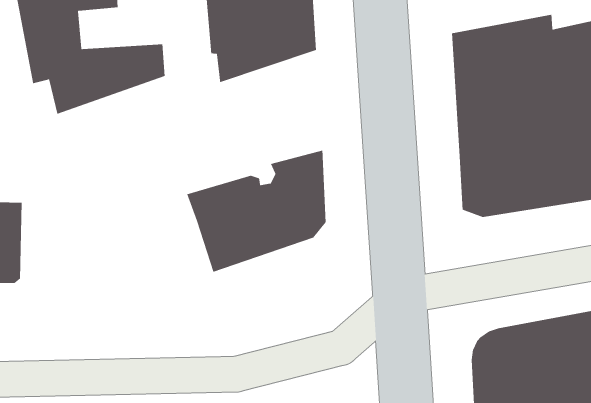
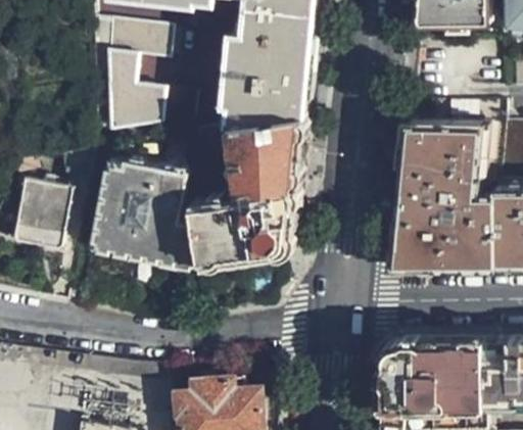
building: none -> [228,115,304,194]
building: none -> [91,163,201,268]

